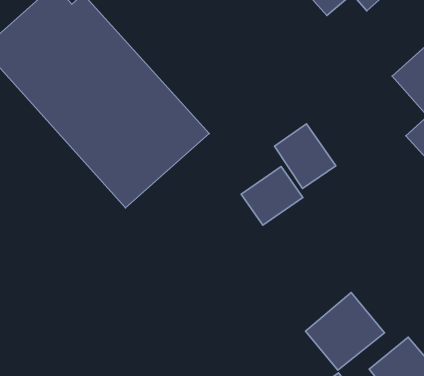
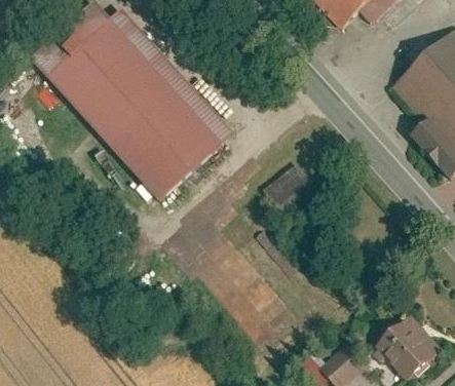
building: [275,124,336,189] -> none
building: [305,293,384,370] -> none

